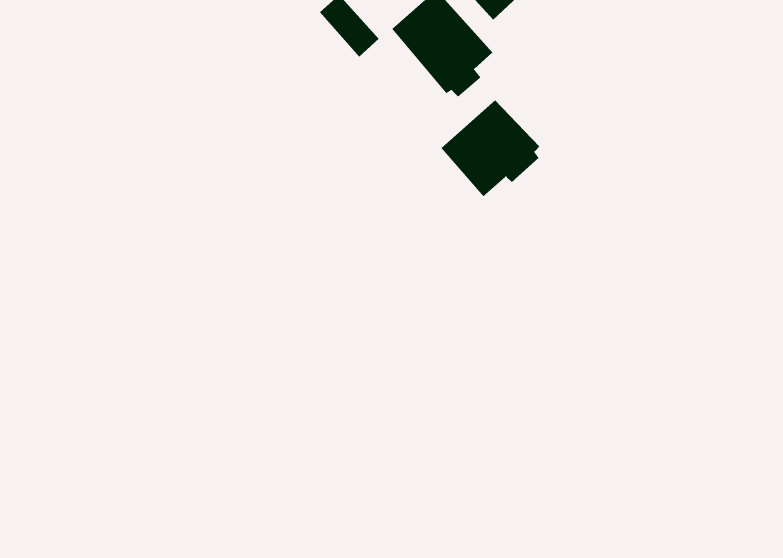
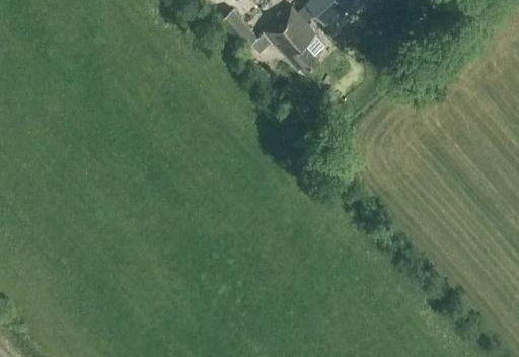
building: [440,100,540,197] -> none

